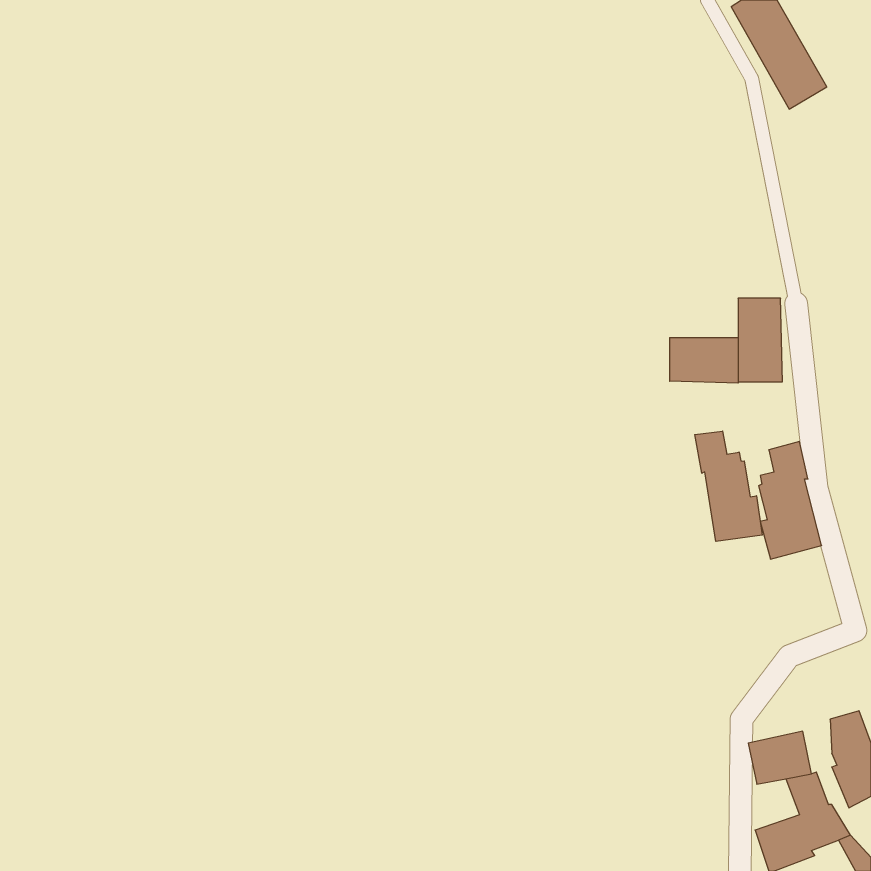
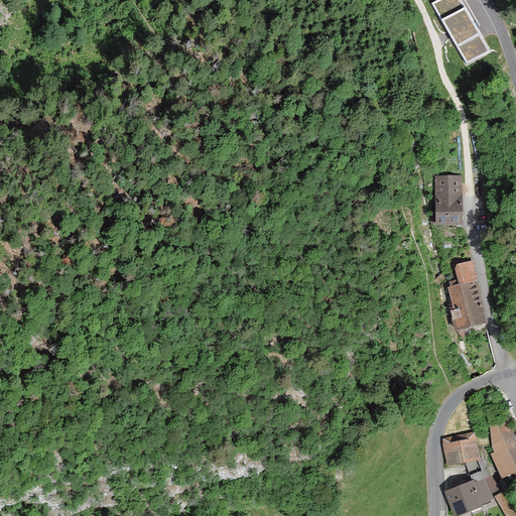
building: [670,338,738,383] -> none
building: [695,431,762,541] -> none

